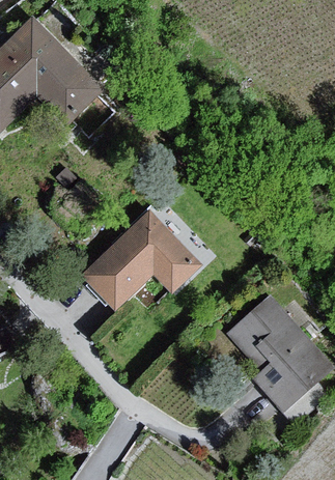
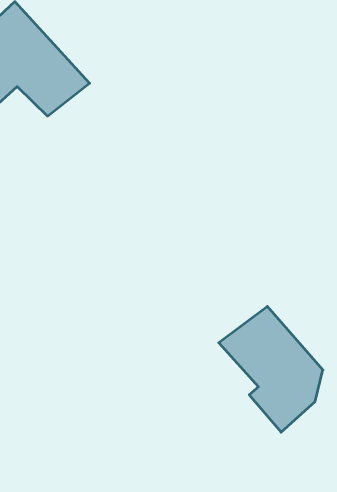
building: [81,208,201,311] -> none

